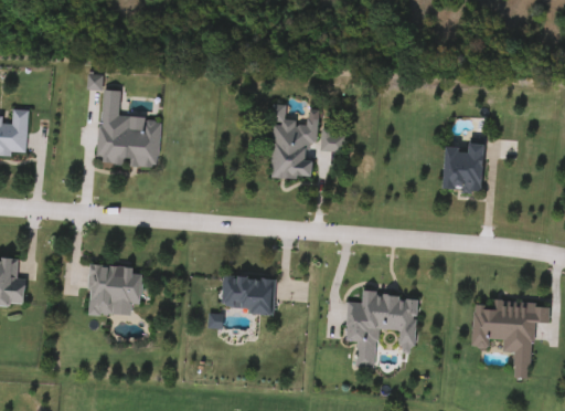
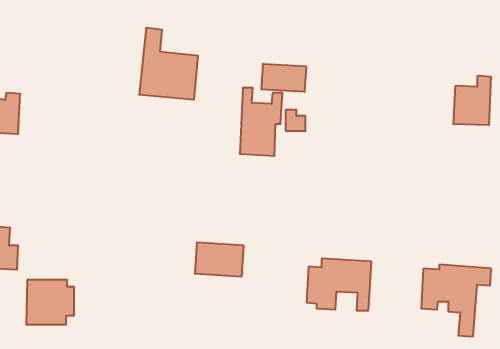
building: none -> [262,64,306,92]
building: [96,88,161,168] -> [139,28,198,100]
building: [441,137,483,191] -> [453,76,491,125]
building: [87,265,140,315] -> [26,280,74,325]

